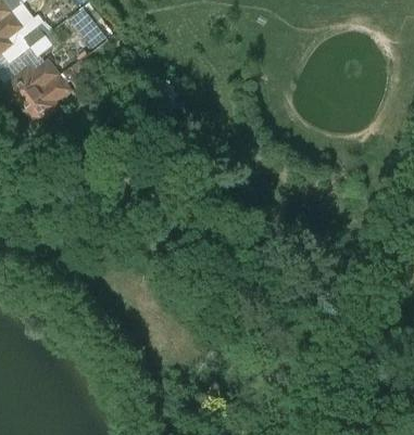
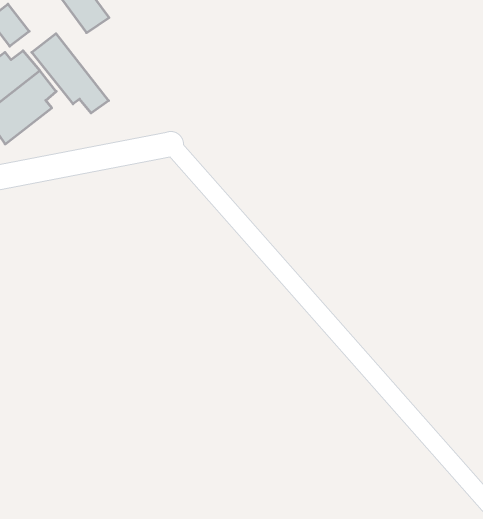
building: none -> [32,34,109,113]

